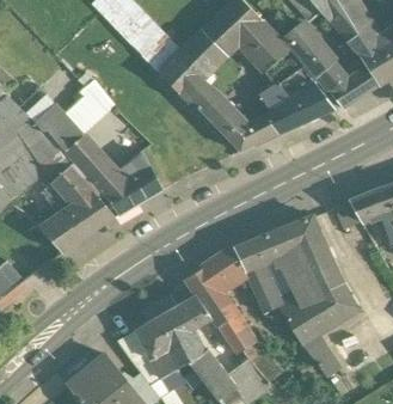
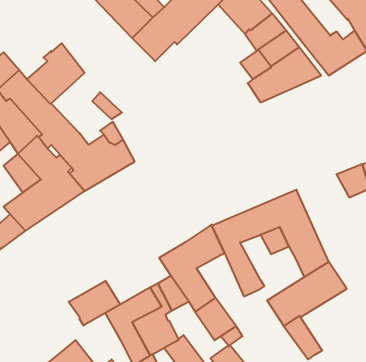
building: [180,76,278,151] -> none
building: [278,277,319,317] -> none
building: none -> [69,281,120,326]

